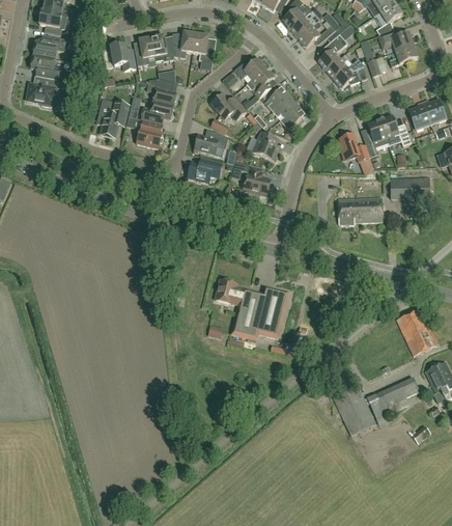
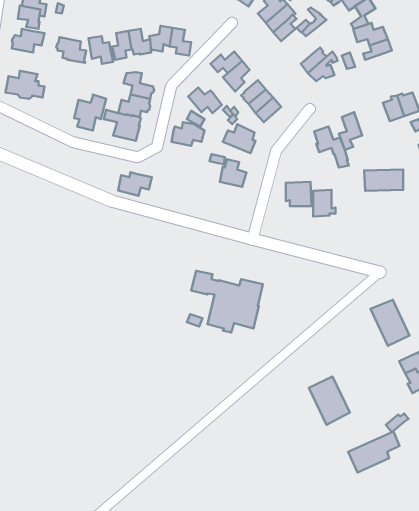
building: [318,35,346,70] -> none
building: [30,54,60,80] -> [56,37,86,63]
building: [379,114,411,145] -> none
building: [188,158,222,182] -> [118,172,152,196]
building: [357,196,383,221] -> [286,182,311,206]
building: [367,377,419,418] -> [348,431,400,472]

